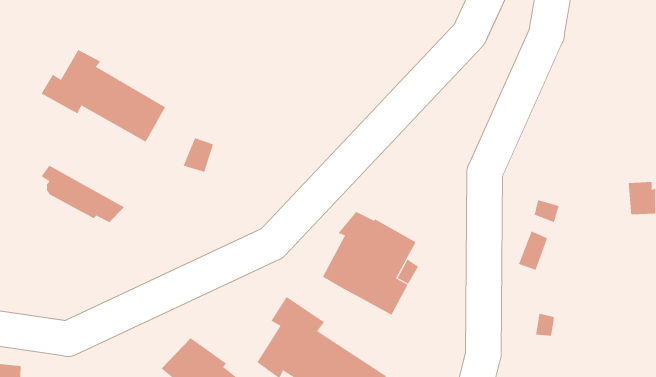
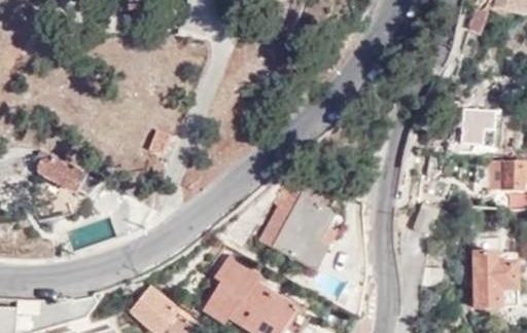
building: [41,49,166,143] -> none
building: none -> [460,108,504,149]
building: none -> [472,251,519,305]

